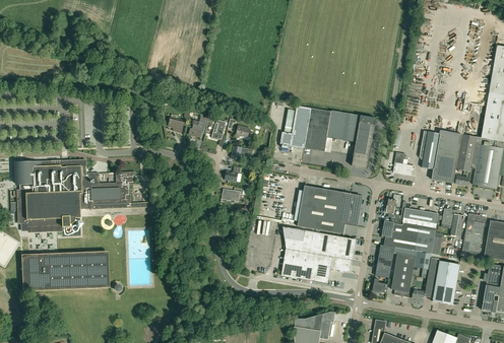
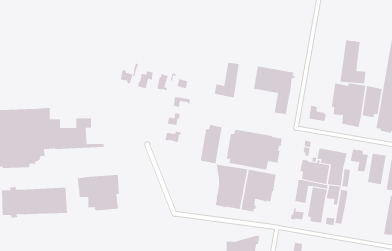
building: none -> [340,40,366,84]
building: [305,108,331,151] -> none
building: none -> [200,124,222,164]
building: none -> [77,174,119,211]
building: [433,261,459,304] -> none

